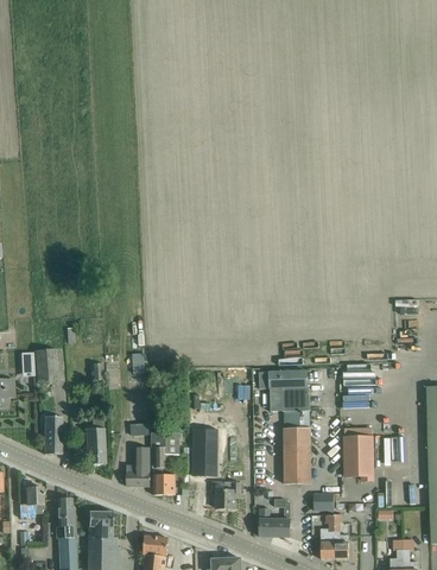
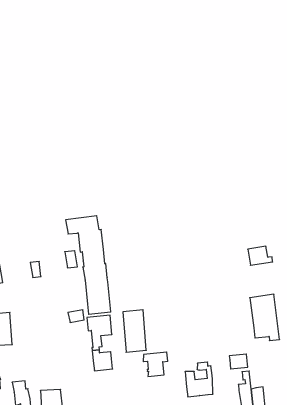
building: [268,370,310,484] -> [66,216,111,314]
building: [84,418,104,466] -> none
building: [126,448,148,487] -> none

